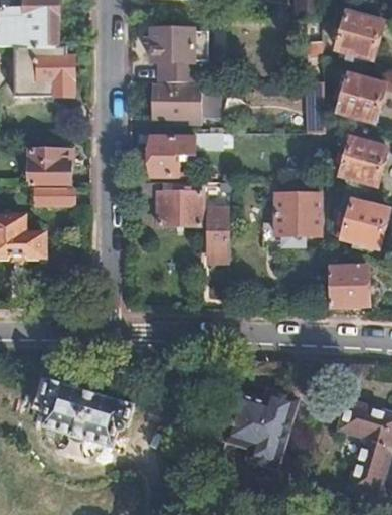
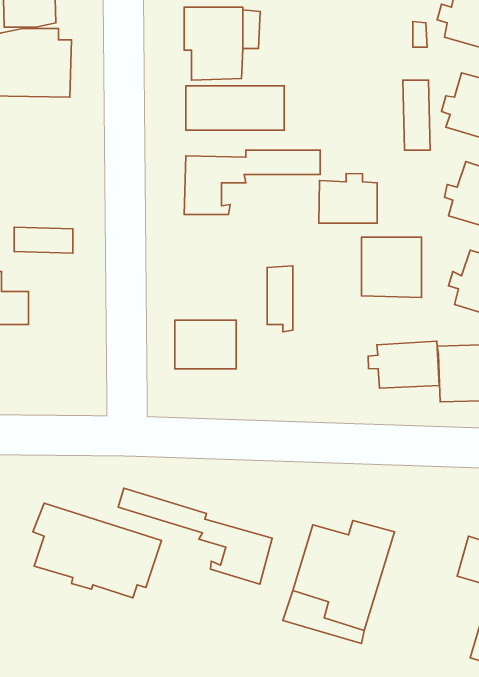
building: none -> [319,174,377,223]
building: [27,148,67,180] -> none
building: [157,189,200,223] -> [175,320,236,369]
building: none -> [368,341,439,388]
building: none -> [118,488,272,584]

